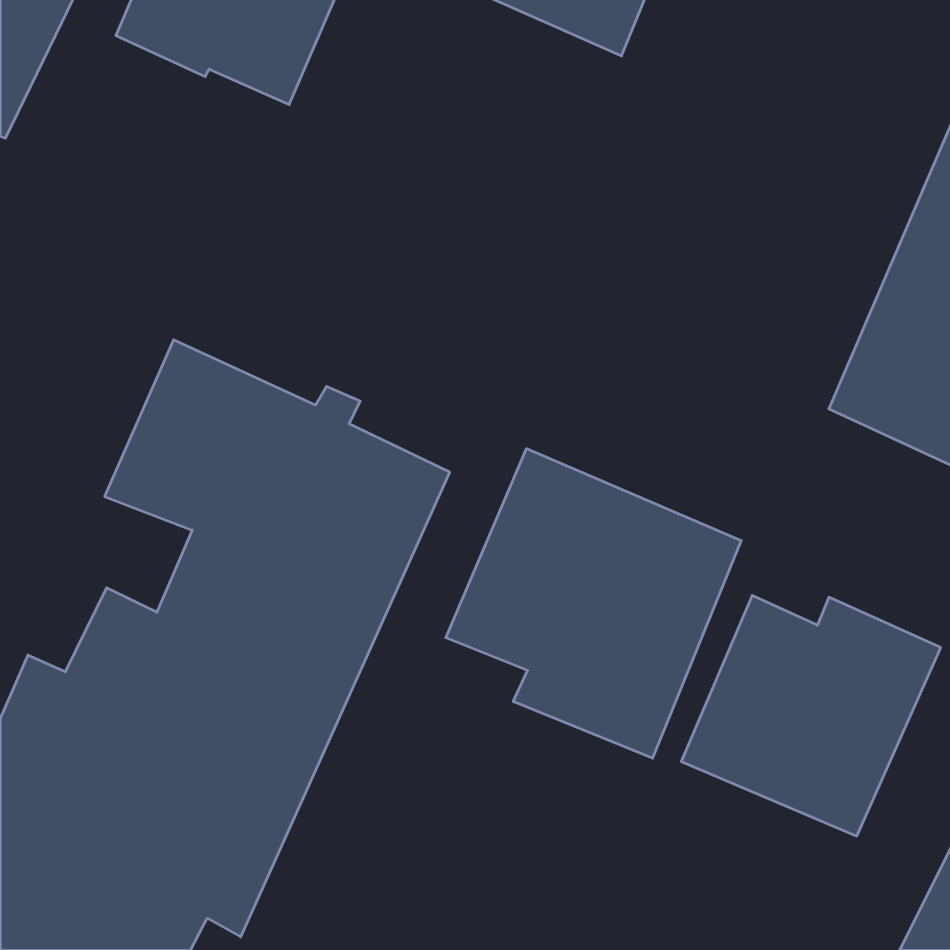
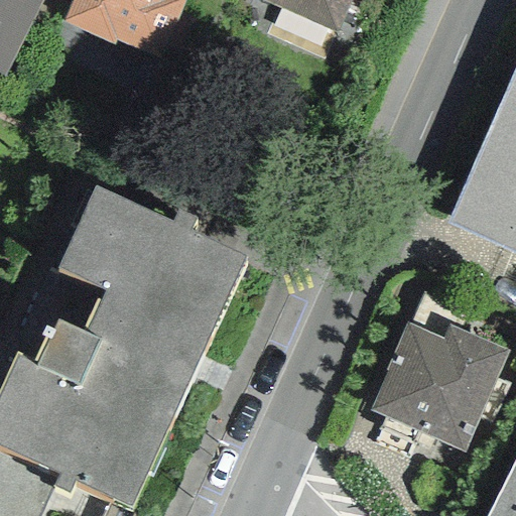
building: [446,449,741,758] -> none

